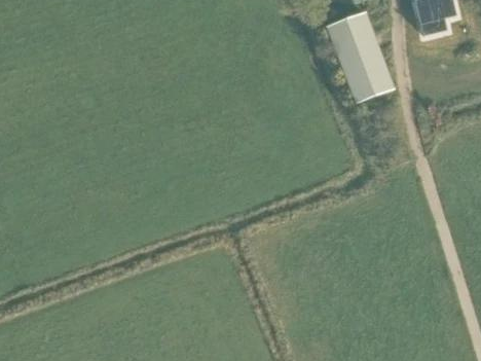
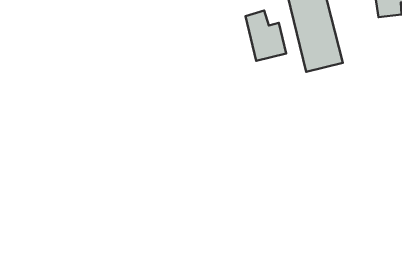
building: none -> [245,11,286,61]

